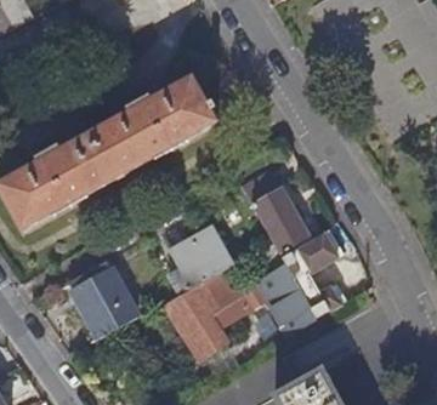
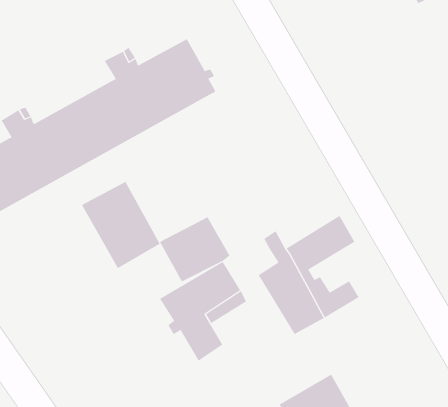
building: [250,186,308,251] -> none
building: [69,258,138,335] -> [81,181,160,269]

